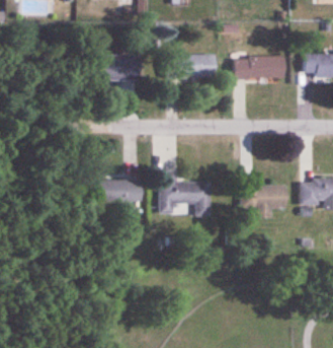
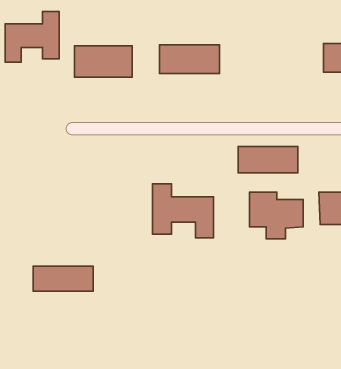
building: none -> [5,11,59,62]
building: [234,55,284,77] -> [238,146,298,173]
building: [91,180,142,201] -> [33,266,93,291]

